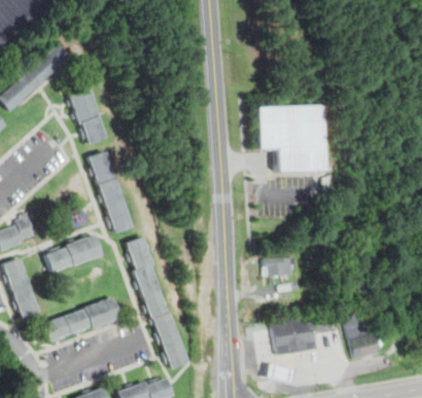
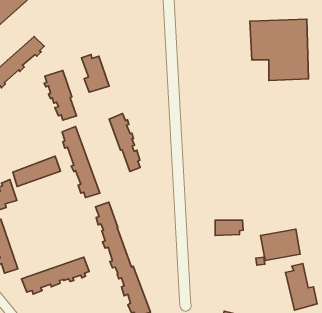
building: none -> [82,55,109,92]
building: [254,102,321,172] -> [250,19,309,81]
building: none -> [109,113,140,171]
building: [45,236,100,270] -> [13,156,61,187]
building: [272,318,317,354] -> [261,229,300,261]

